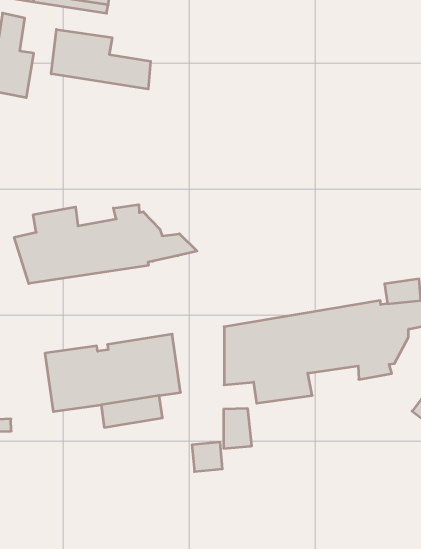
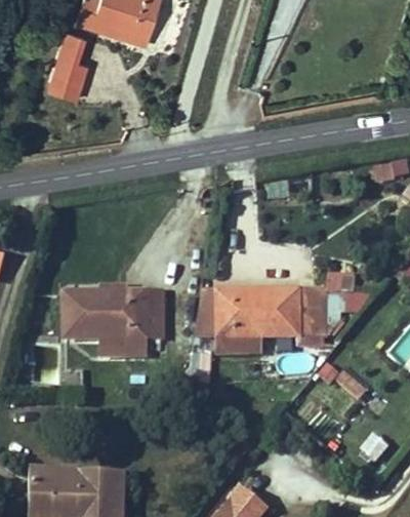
building: [51,29,151,89] -> none
building: [14,205,197,284] -> none

